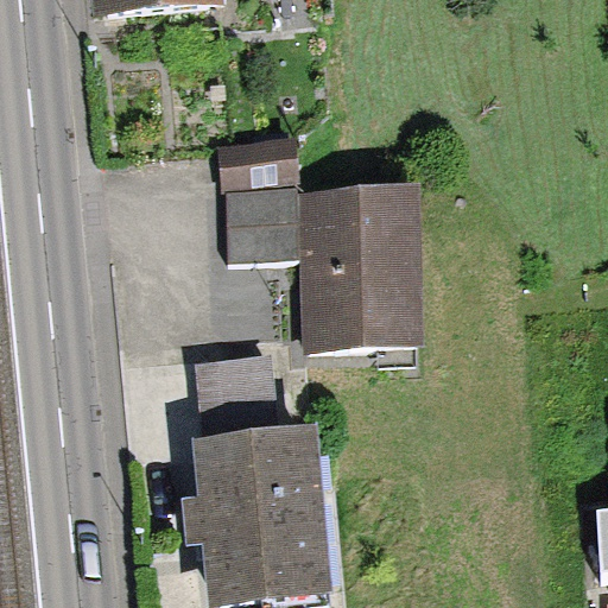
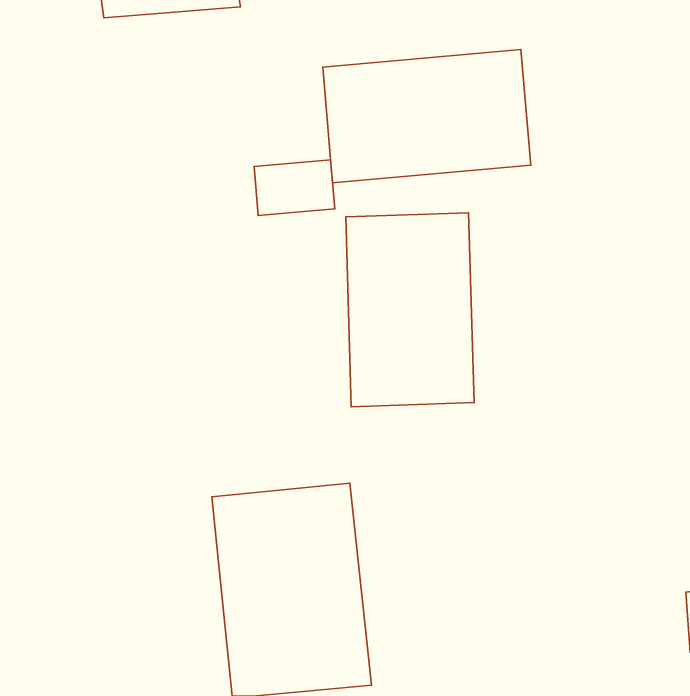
building: none -> [323,50,531,183]
building: [230,188,308,259] -> none

